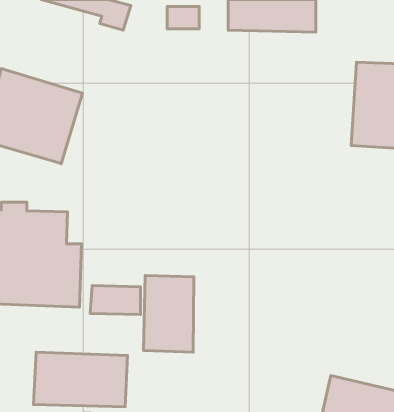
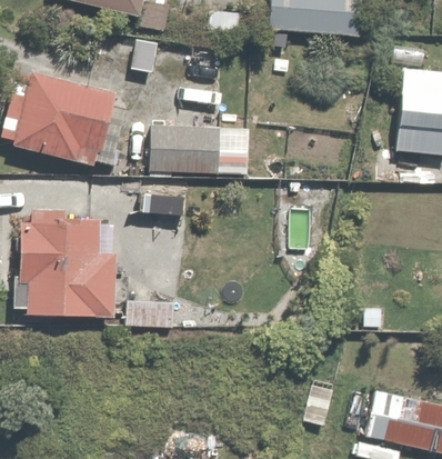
building: none -> [150,121,249,174]
building: [143,275,194,352] -> none
building: [33,352,128,407] -> none

